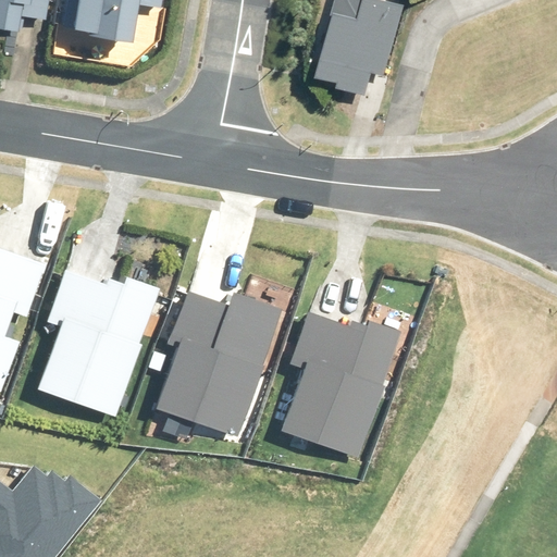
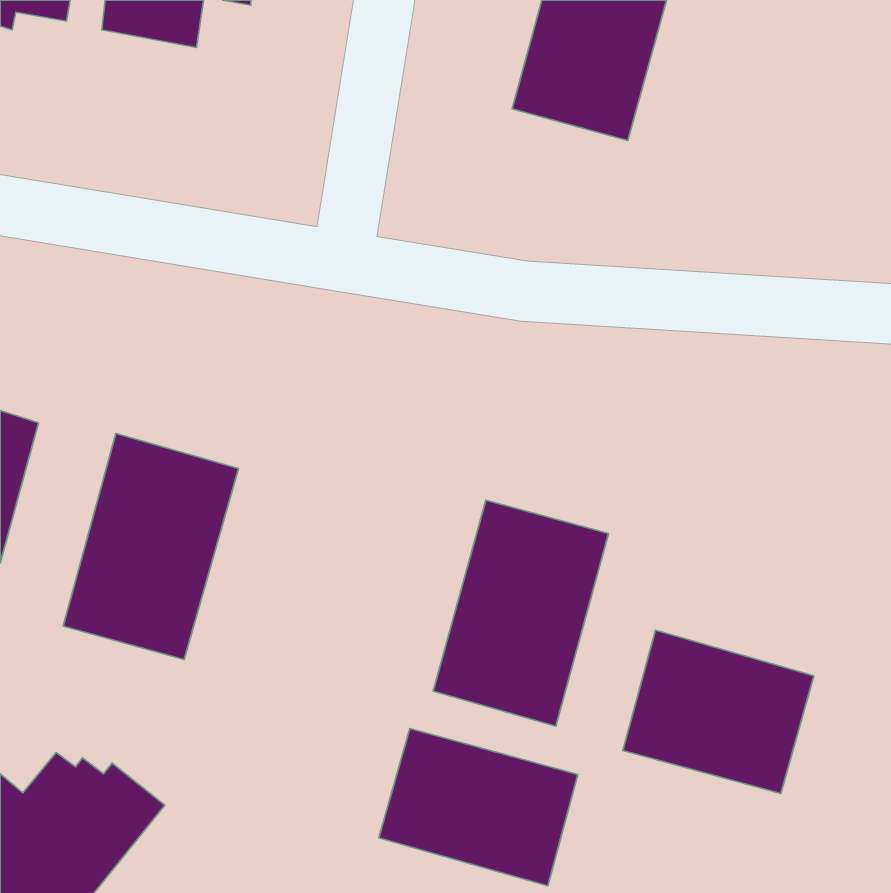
building: [157,293,265,433] -> none
building: none -> [623,630,814,794]
building: none -> [379,728,578,886]

